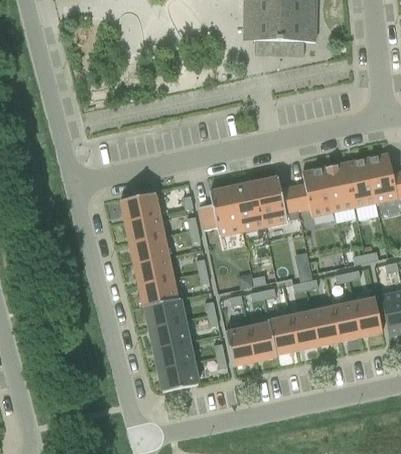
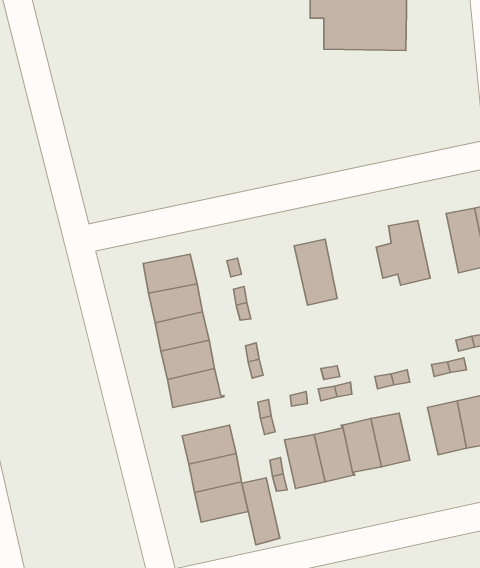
building: [325,162,355,210] -> none
building: [256,176,300,225] -> none
building: [200,186,243,235] -> none
building: [143,298,185,327] -> none
building: [311,306,340,345] -> none
building: none -> [242,478,280,545]

